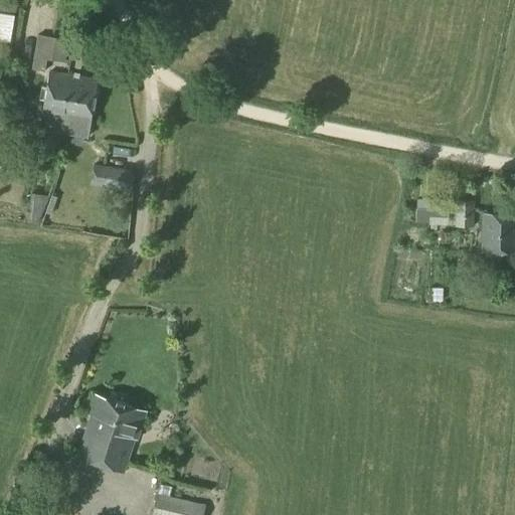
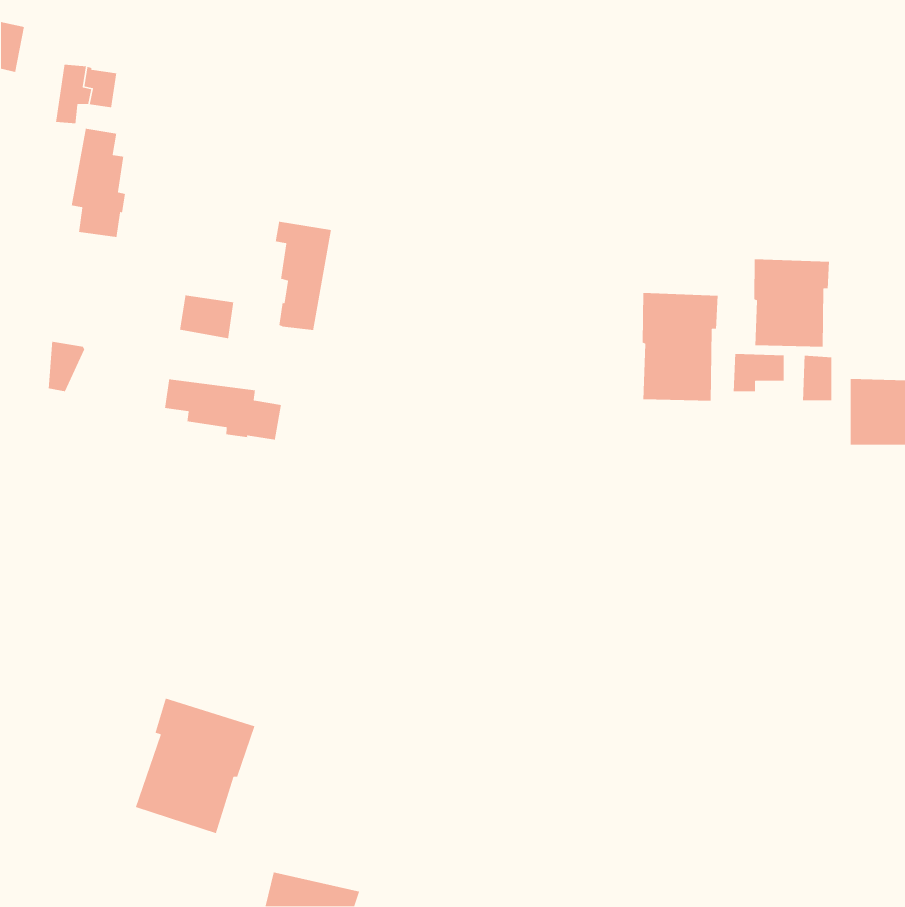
building: [65,75,98,138] -> [275,221,332,331]
building: none -> [754,258,830,348]
building: none -> [642,292,719,401]
building: none -> [164,379,282,440]

